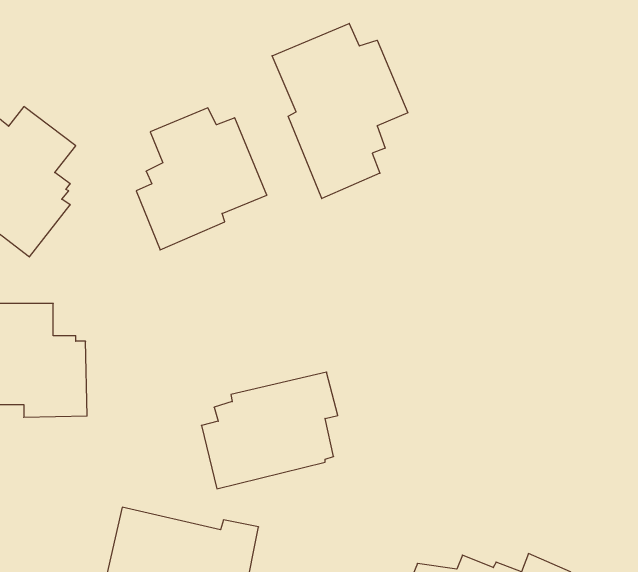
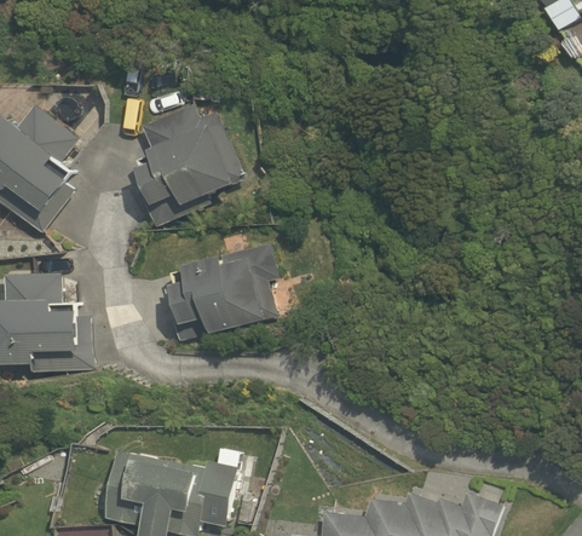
building: [272,23,408,199] -> none
building: [201,372,338,489] -> [161,241,278,341]

